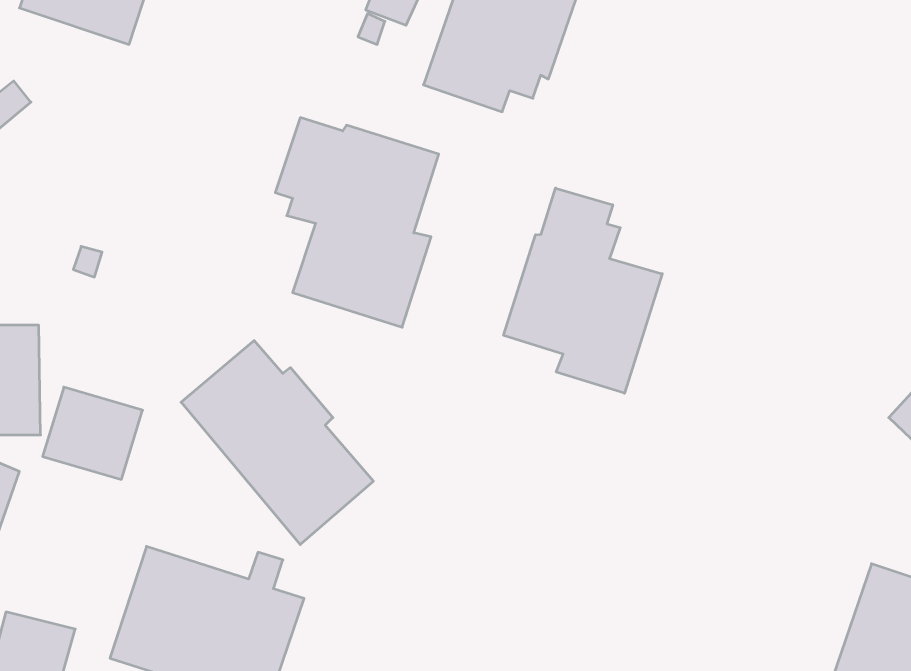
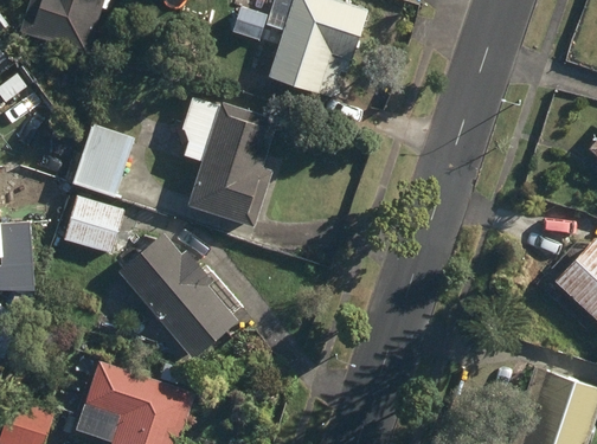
building: none -> [71,123,134,198]
building: [504,188,662,393] -> none
building: [43,387,143,479] -> [63,195,124,252]

